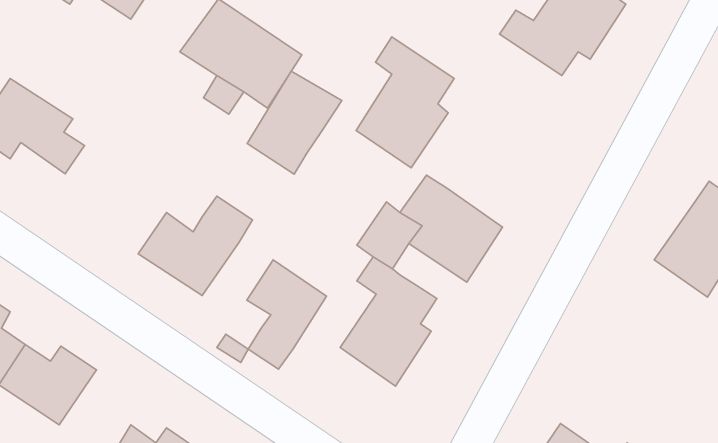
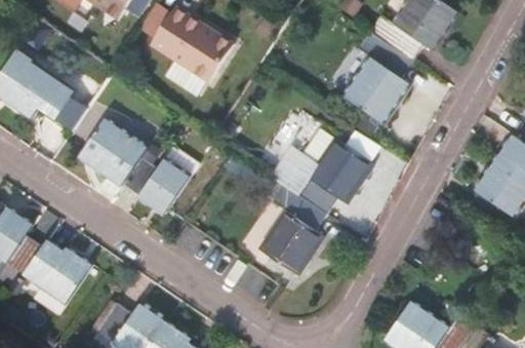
building: [356,37,454,168] -> [345,32,412,122]
building: [247,71,342,174] -> none
building: none -> [79,118,147,184]
building: [247,260,327,369] -> none

